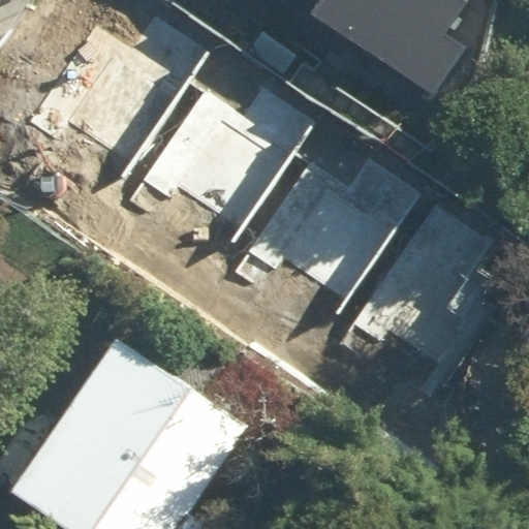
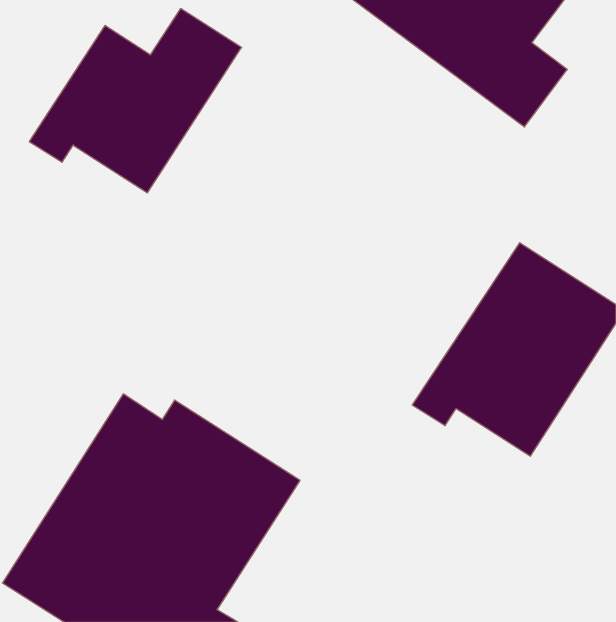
building: [121,85,301,242] -> none
building: [239,159,418,315] -> none

